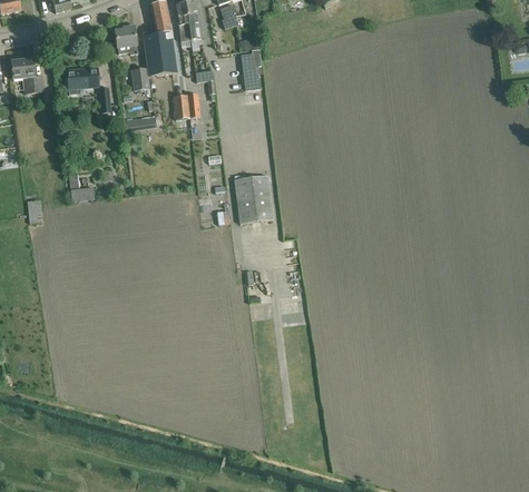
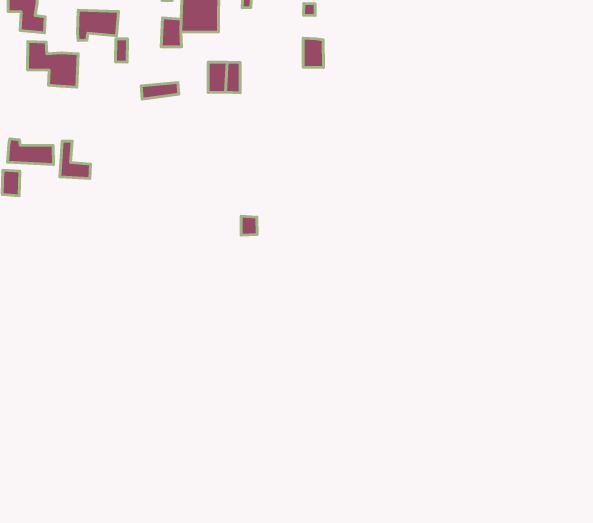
building: none -> [28,42,78,87]
building: [235,175,273,223] -> none
building: none -> [7,139,53,165]

